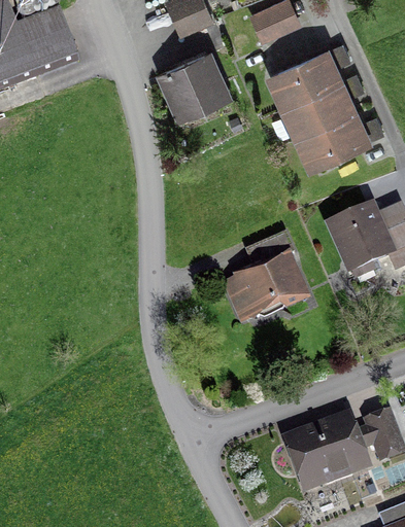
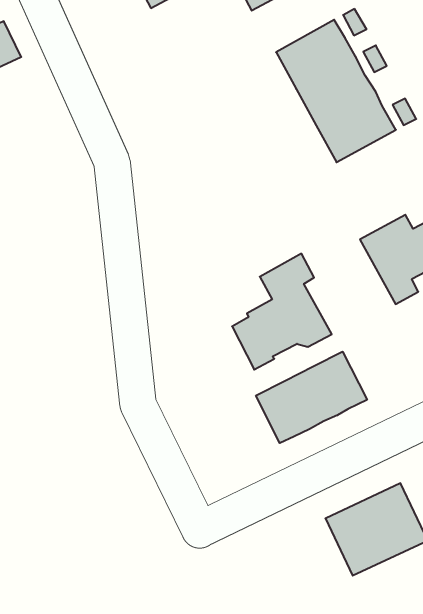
building: [164,54,222,110] -> none
building: none -> [256,352,367,443]

